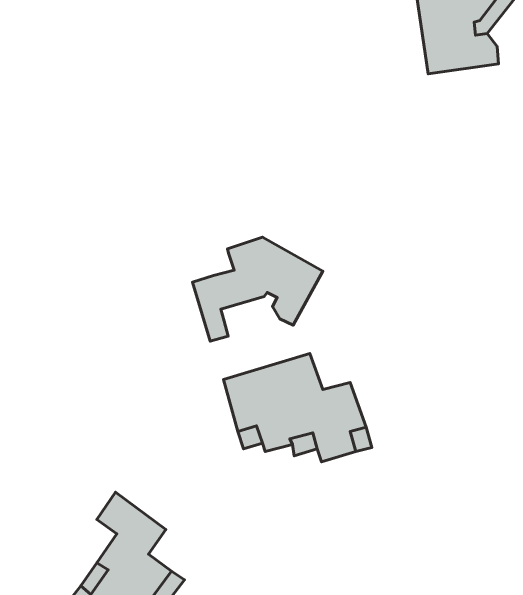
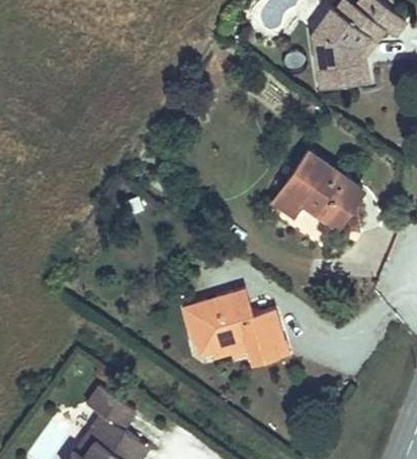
building: none -> [272,155,362,228]
building: [192,237,323,341] -> none

